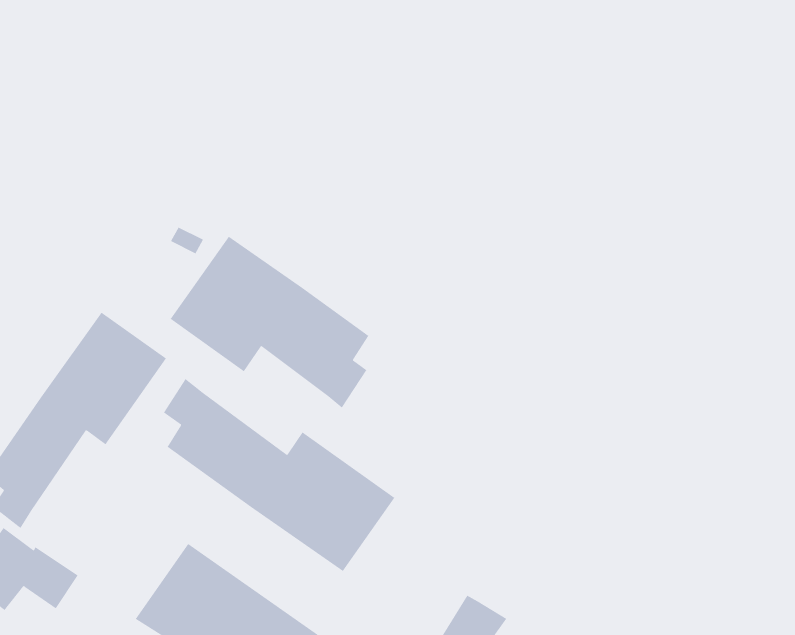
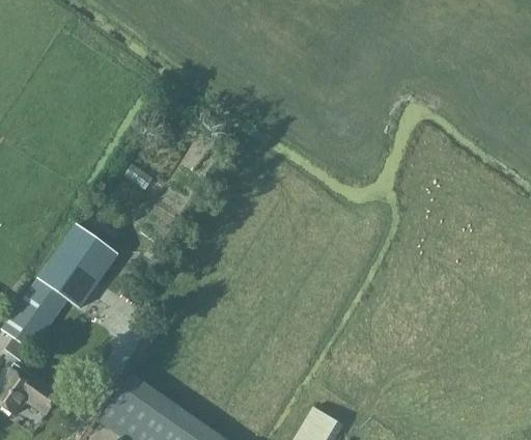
building: [170,236,369,408] -> none
building: [163,378,395,572] -> none

